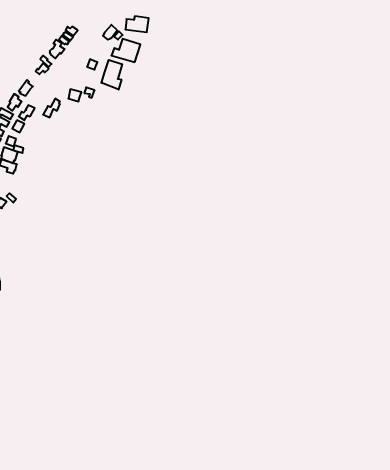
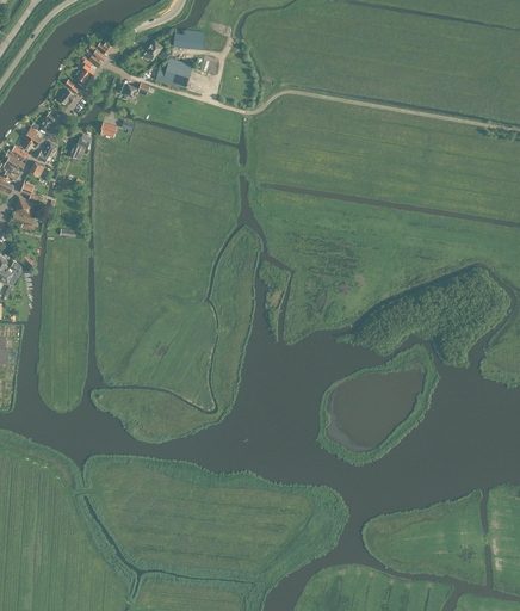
building: [101,60,122,90] -> none

